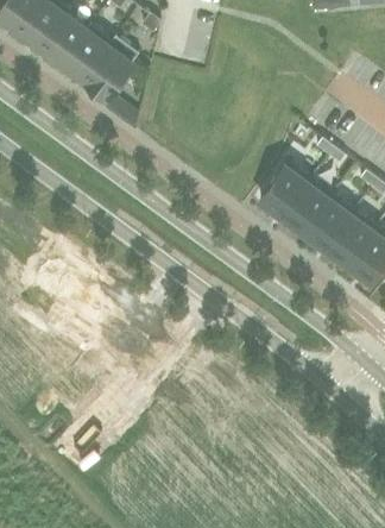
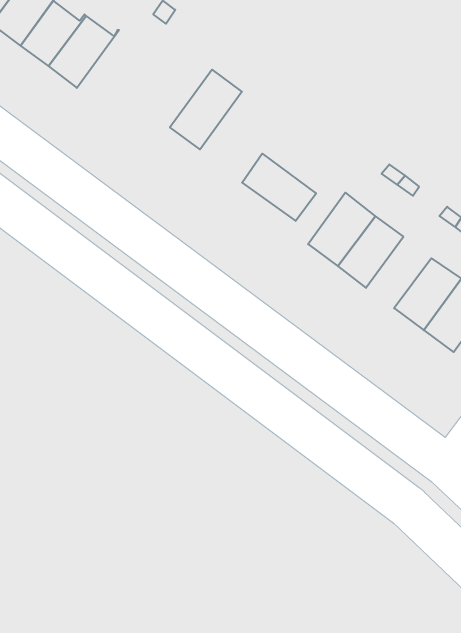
building: [84,40,139,101] -> [170,70,242,149]
building: none -> [242,154,316,221]
building: [304,197,354,252] -> none

